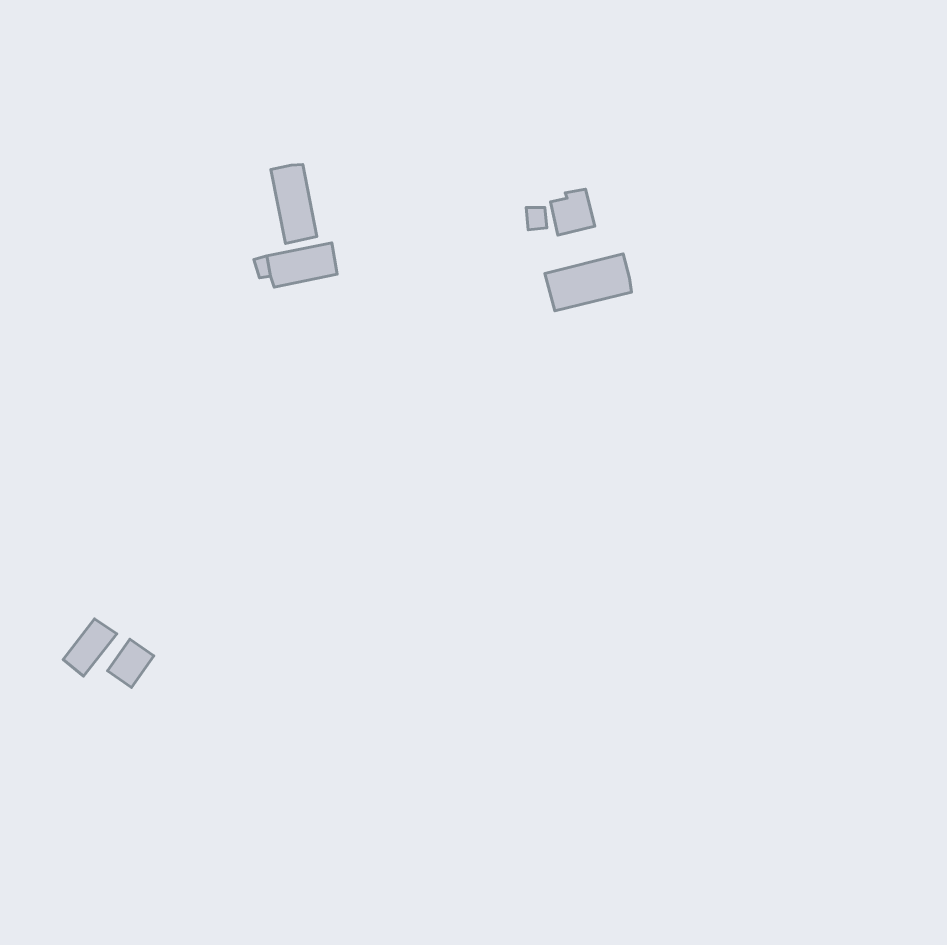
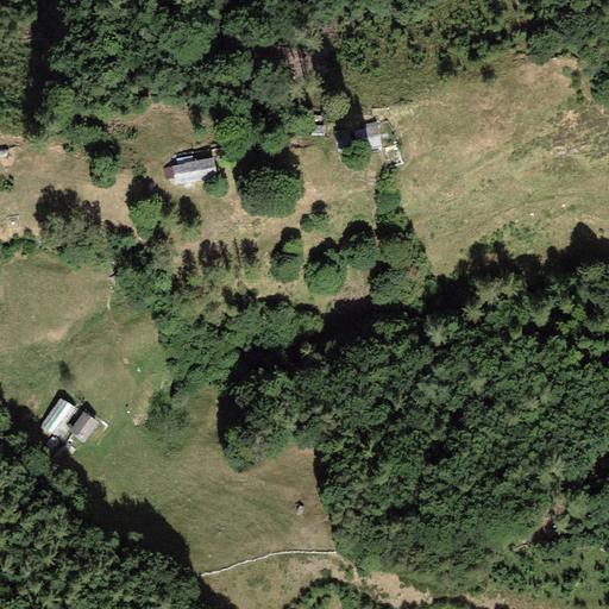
building: [271,164,317,243] -> none
building: [545,254,631,311] -> none

